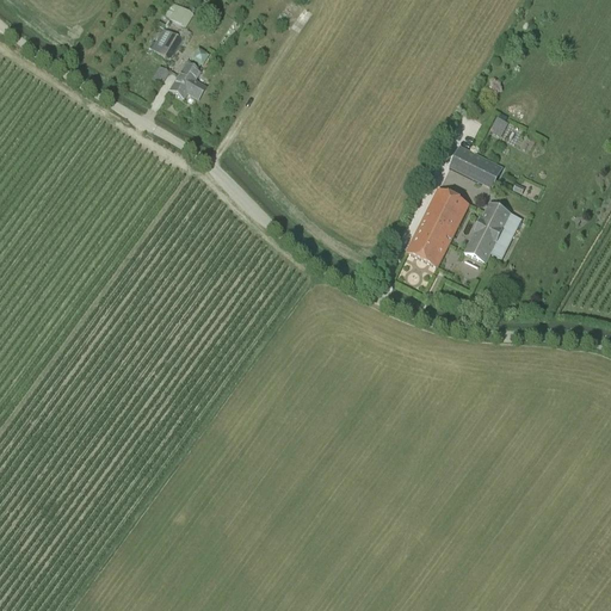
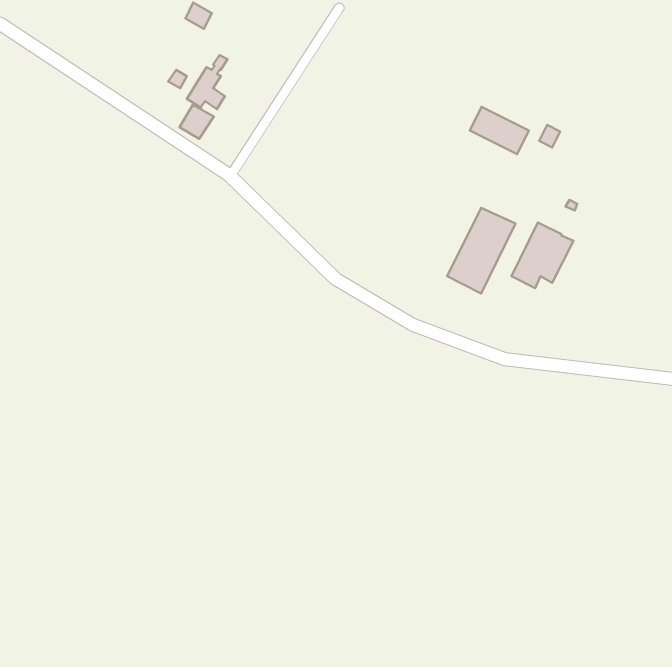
building: [150,27,181,58] -> [180,105,214,139]
building: [448,144,501,187] -> [470,107,529,154]

